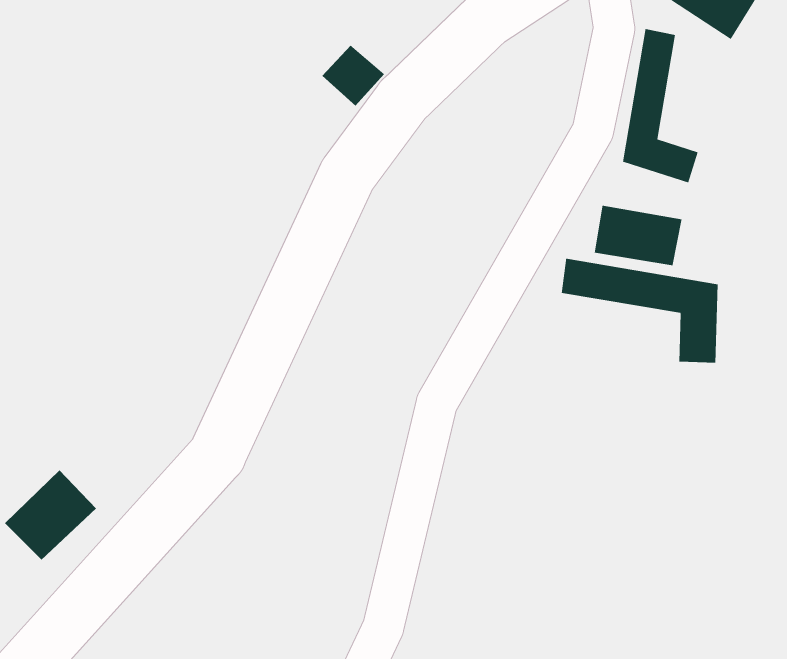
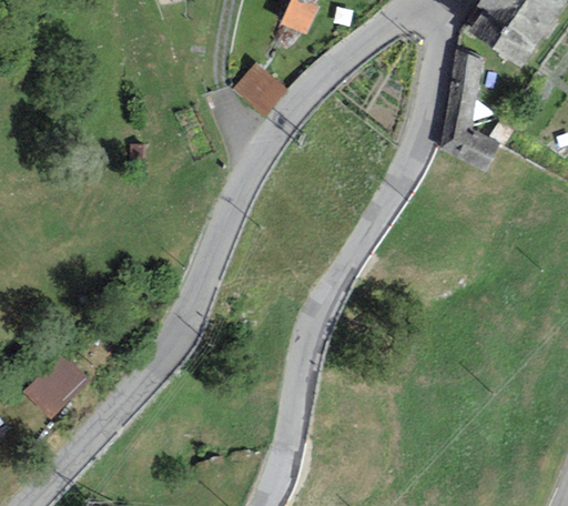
building: [594,205,682,266] -> none
building: [561,258,718,363] -> none

